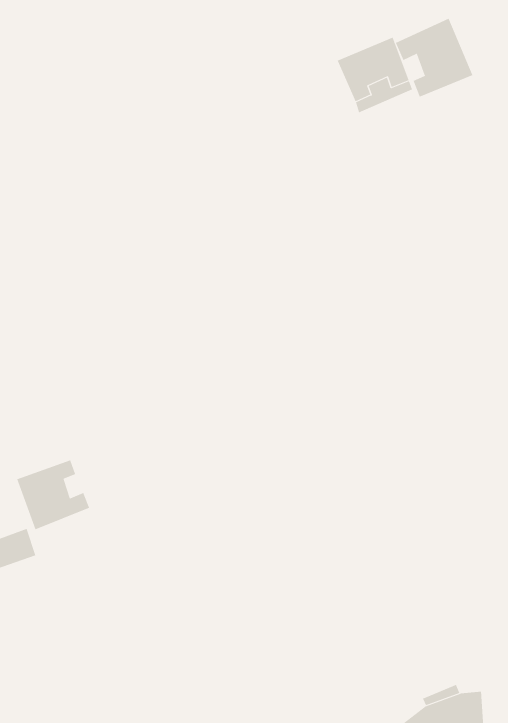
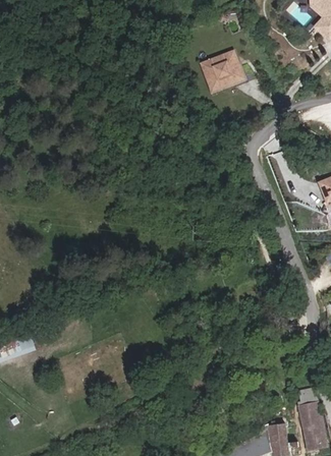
building: [395,18,473,97] -> none
building: [16,460,90,530] -> none

